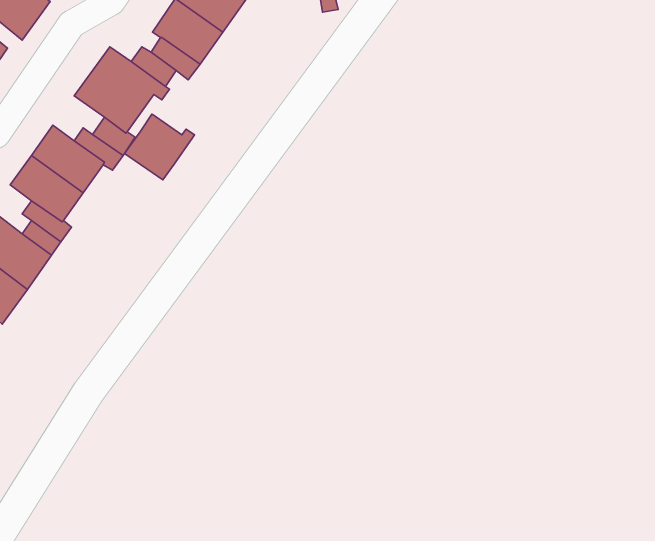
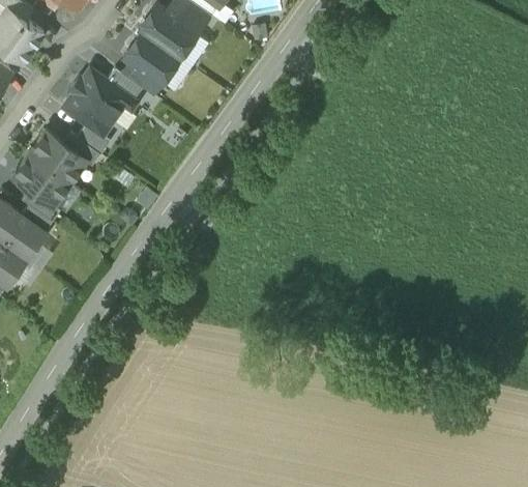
building: [124,114,195,180] -> none

